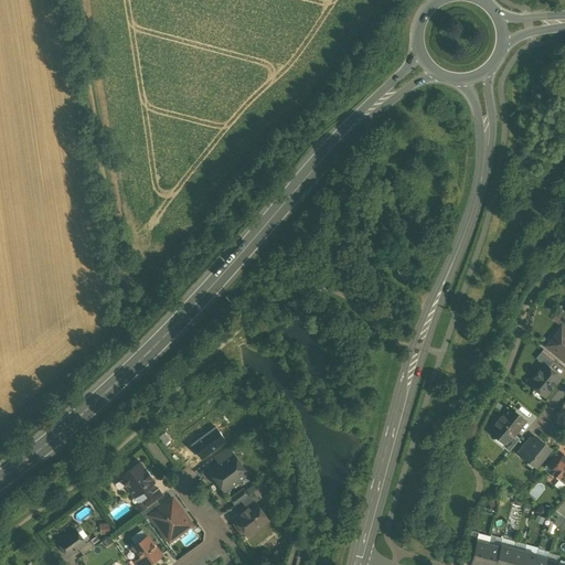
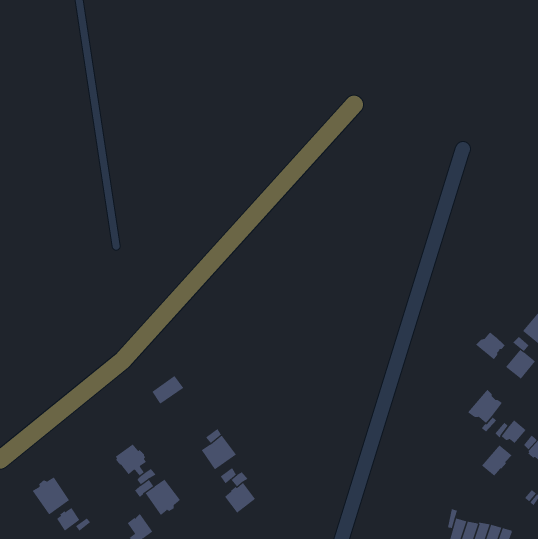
building: none -> [475,331,505,360]
building: [193,428,227,459] -> [151,375,184,405]
building: none -> [481,444,512,476]
building: none -> [32,476,70,516]

